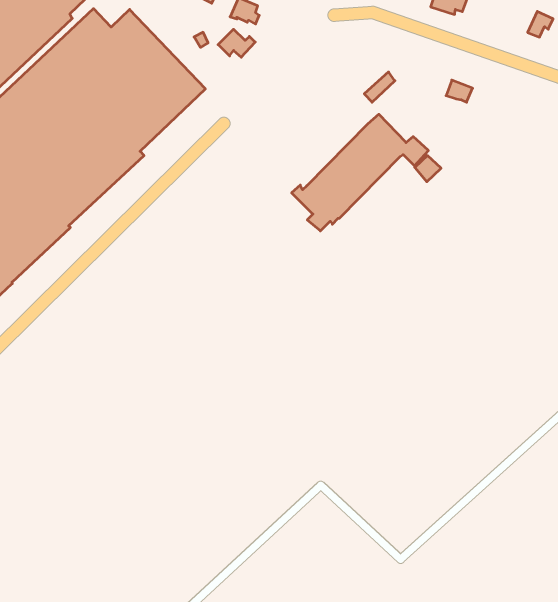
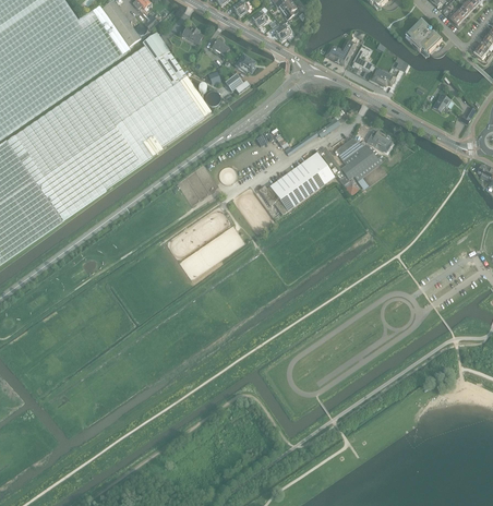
building: none -> [334,137,382,180]

